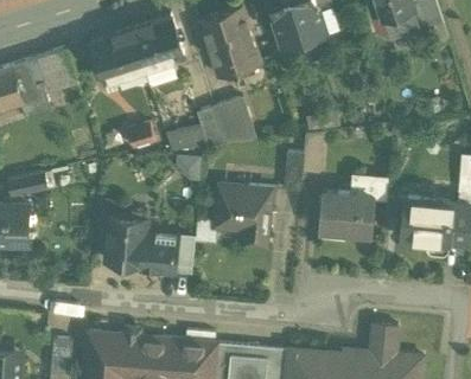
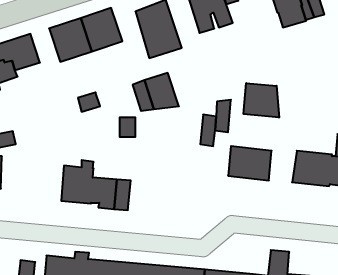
building: none -> [244,83,279,118]
building: [164,127,205,150] -> none
building: [212,184,268,246] -> none

